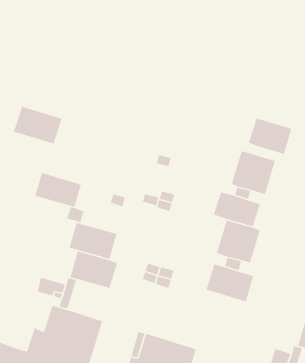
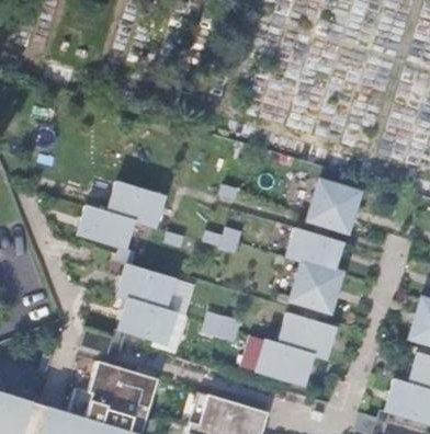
building: [13,106,63,144] -> [108,181,166,226]
building: [248,117,292,155] -> none
building: none -> [257,339,314,385]

